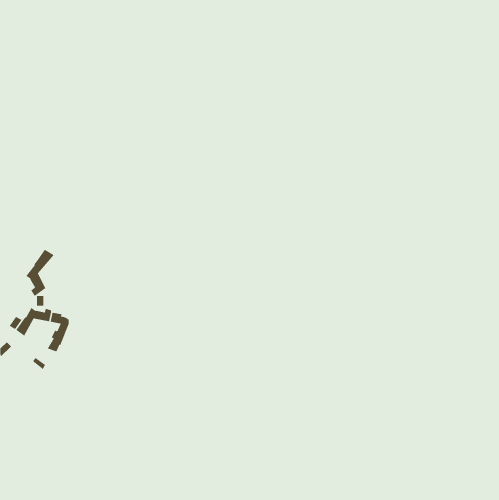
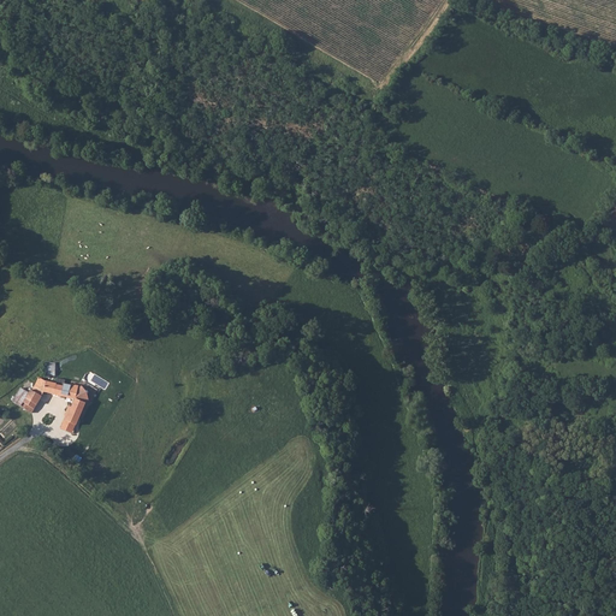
building: [25,249,54,296] -> none

